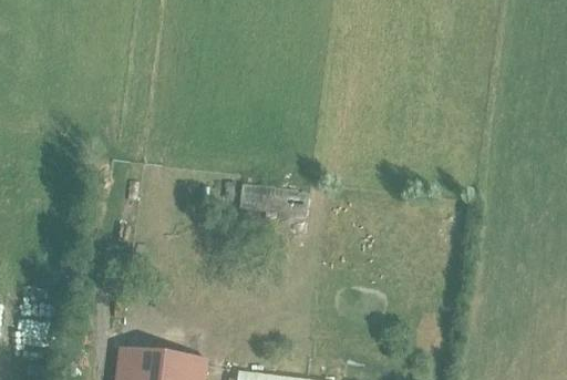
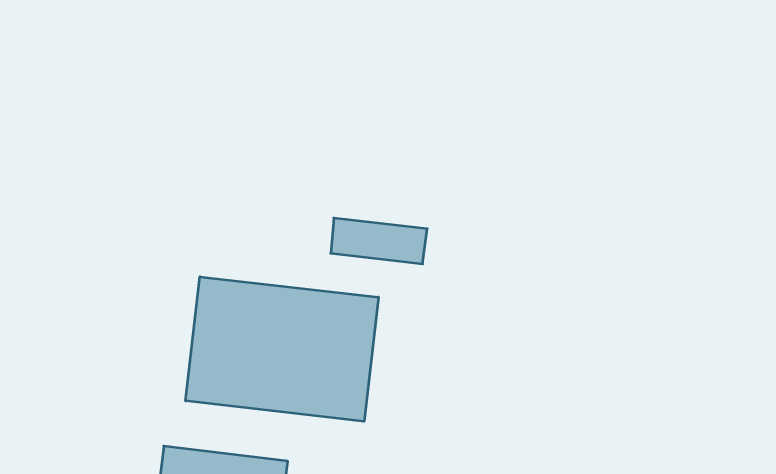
building: none -> [186,277,378,421]

